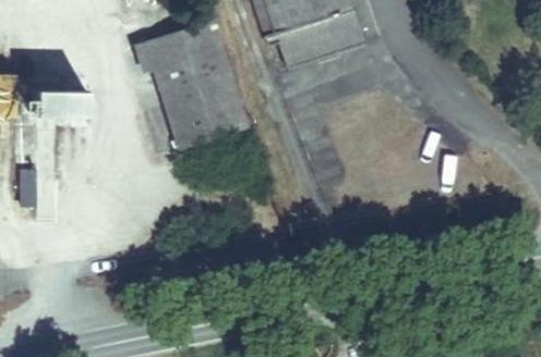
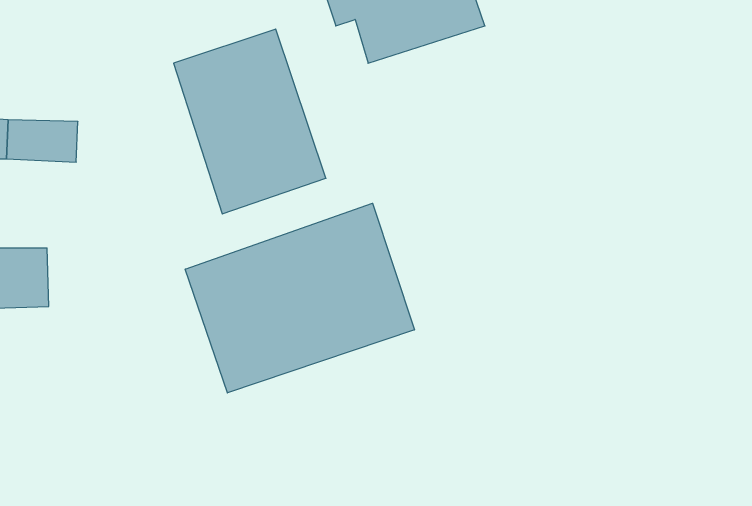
building: none -> [185,203,414,393]

